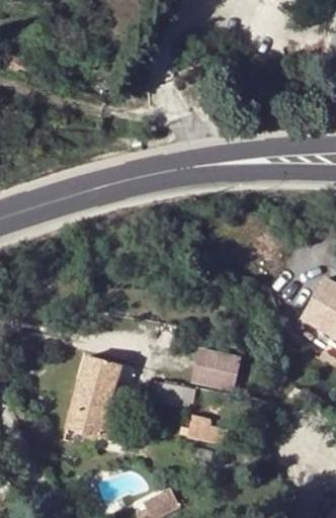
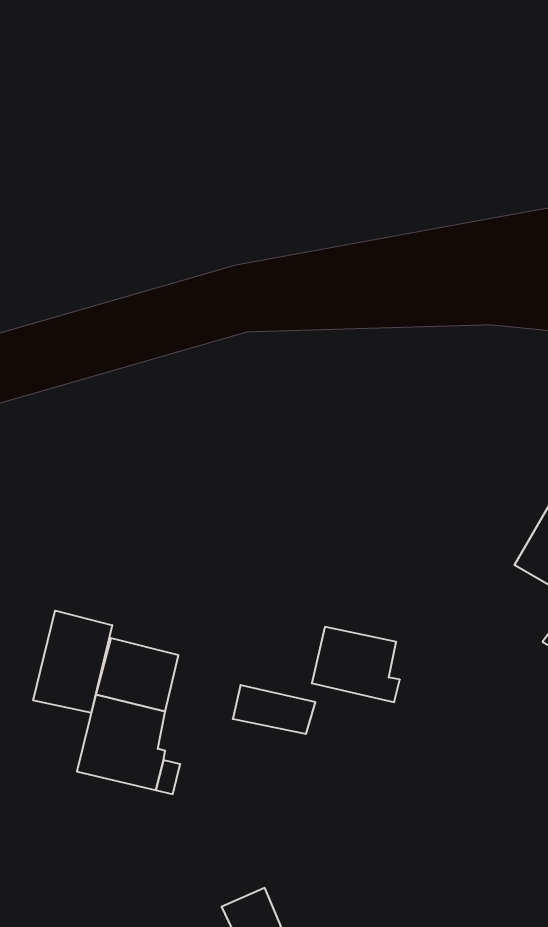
building: none -> [33,611,112,713]
building: [178,415,227,444] -> none

